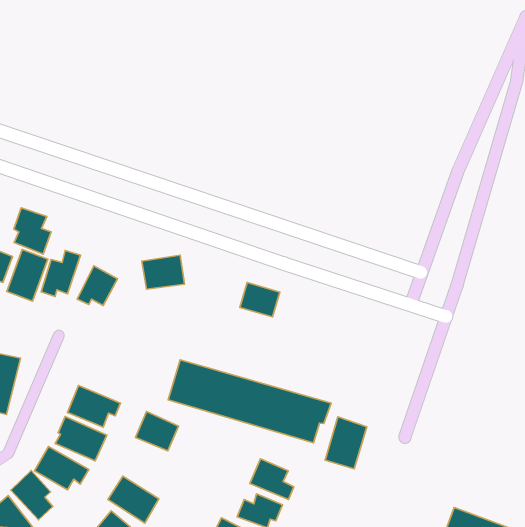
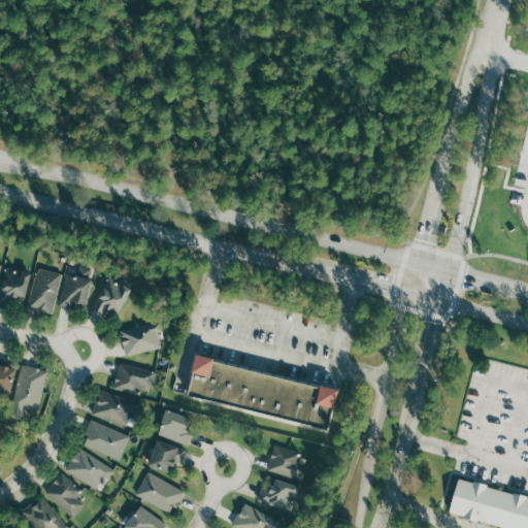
building: [14,208,51,254] -> none
building: [142,255,185,289] -> [119,322,160,356]
building: [240,282,280,317] -> none
building: none -> [113,362,156,395]
building: [325,417,367,469] -> none
building: none -> [147,440,186,473]

